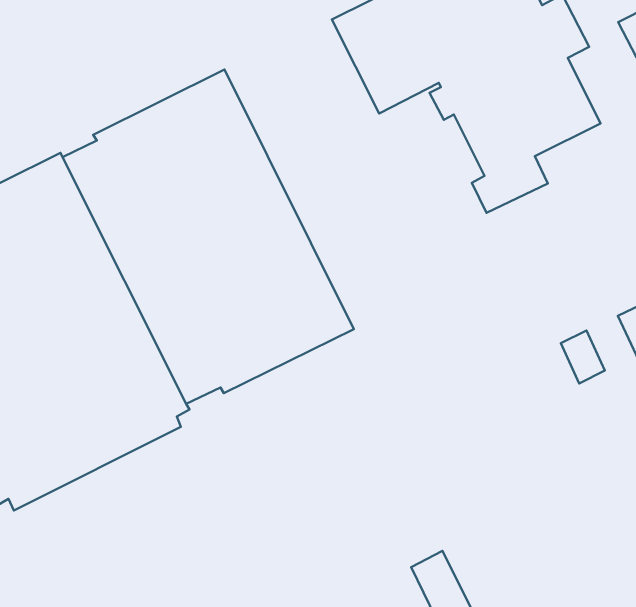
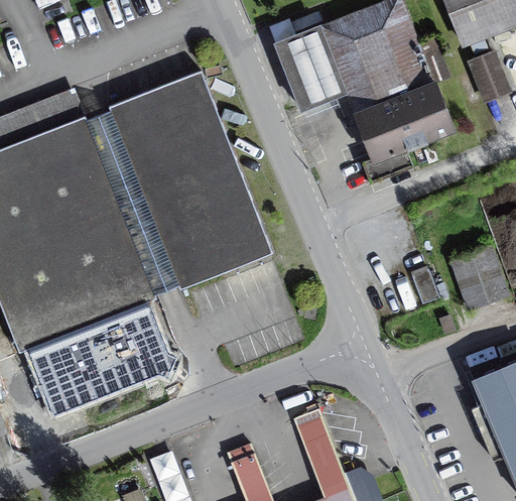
building: none -> [31,309,175,414]

